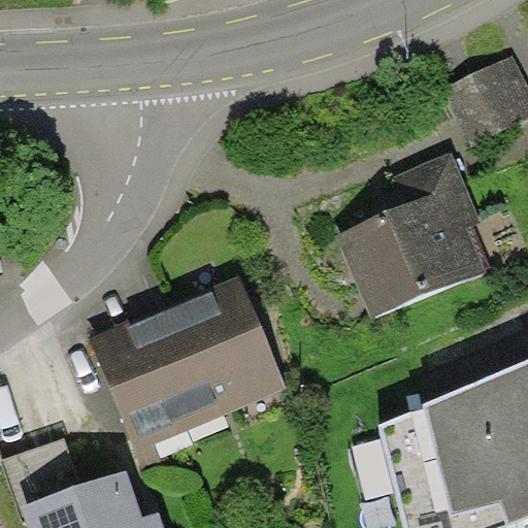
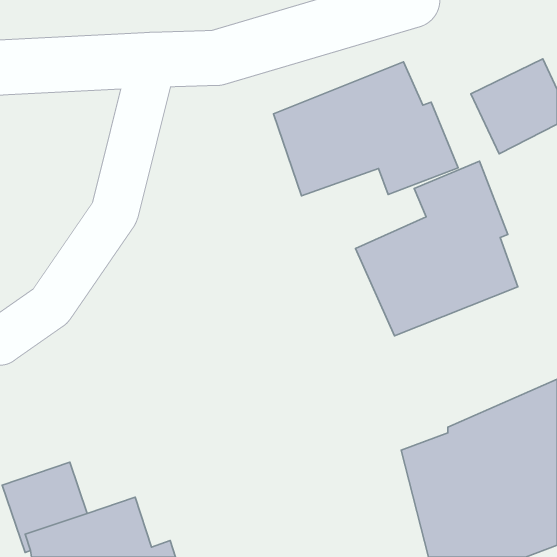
building: none -> [274,62,458,196]
building: [91,275,288,451] -> none

